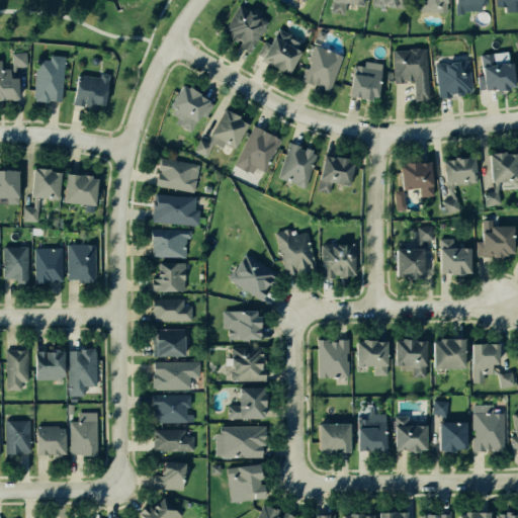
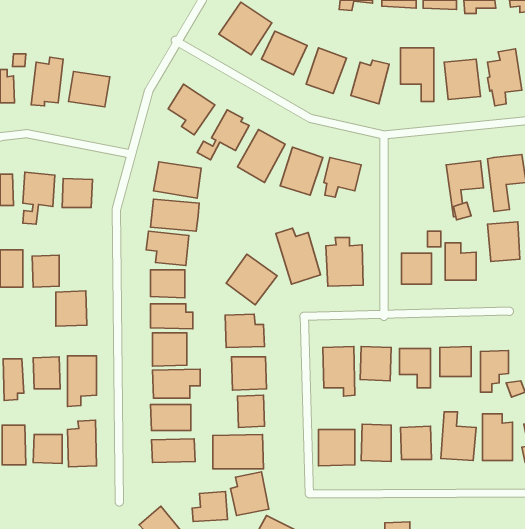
building: [398,162,433,208] -> none
building: [68,244,98,278] -> [56,291,87,326]
building: [153,461,187,491] -> [192,492,227,522]

